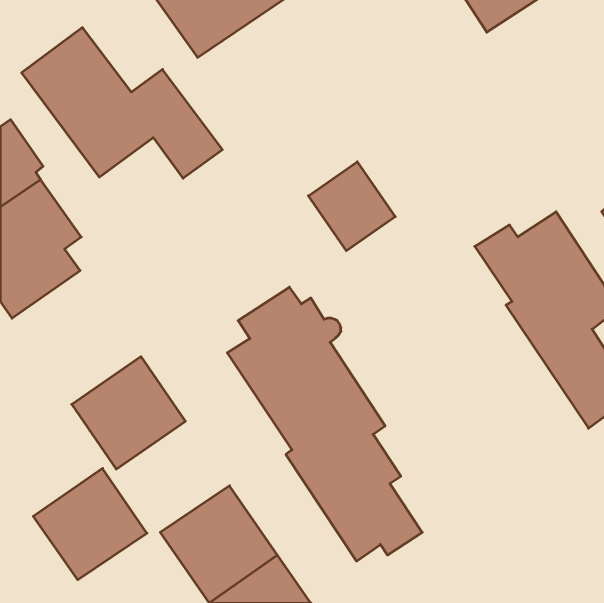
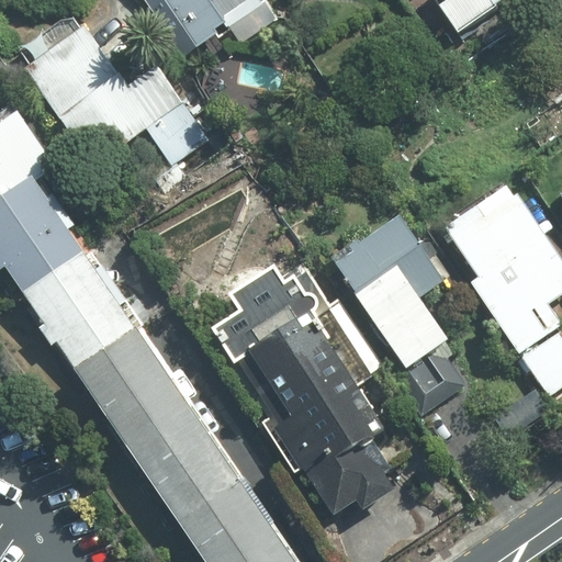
building: [308,162,395,251] -> none
building: none -> [329,216,470,412]
building: none -> [18,248,136,371]
building: [33,468,147,580] -> [113,386,217,488]

